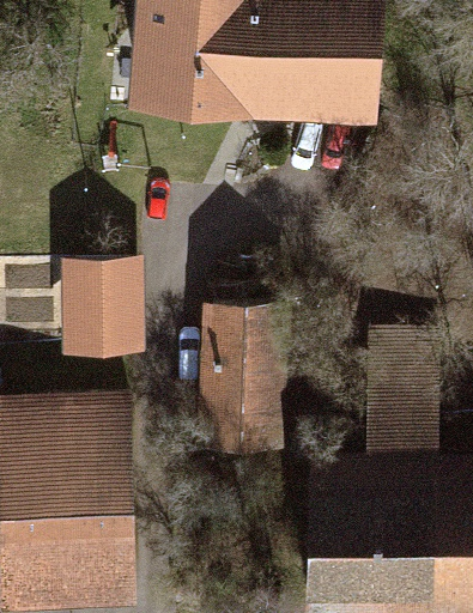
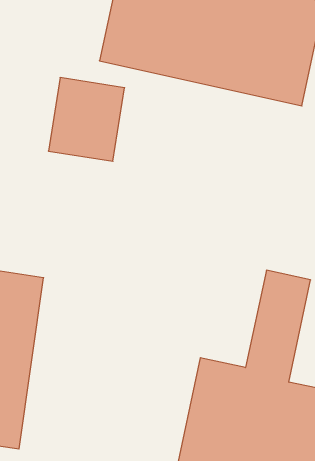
building: [63,262,142,352] -> [48,78,125,161]
building: [211,317,273,441] -> none

